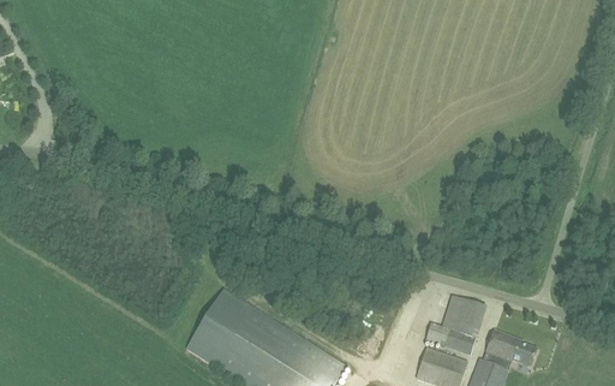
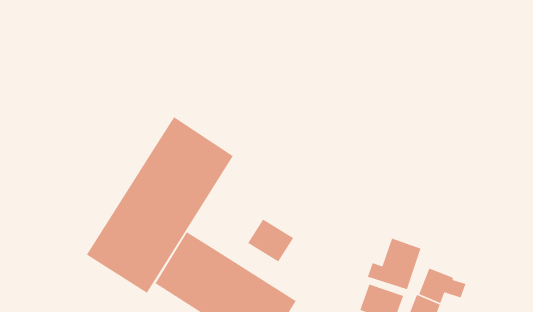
building: none -> [86,116,234,294]
building: none -> [247,219,294,262]

